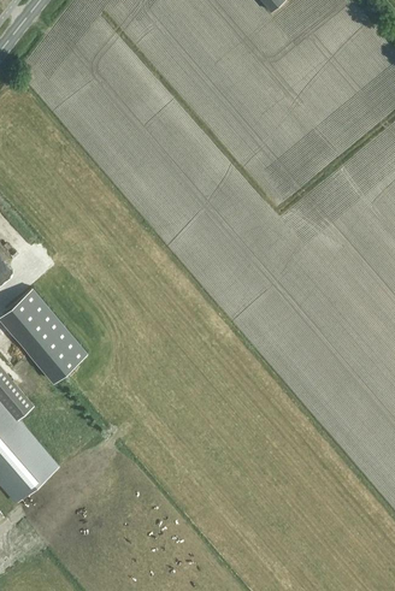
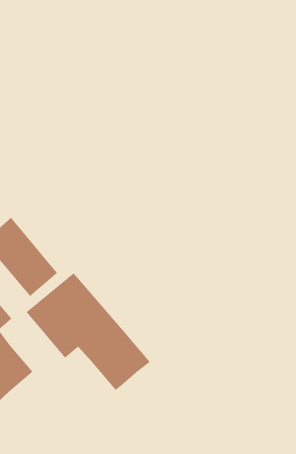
building: none -> [26,272,151,391]

